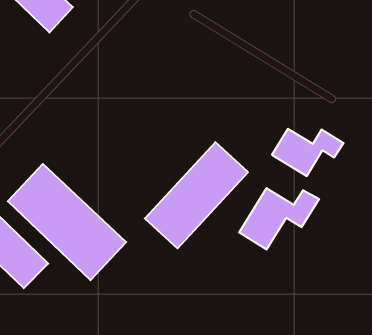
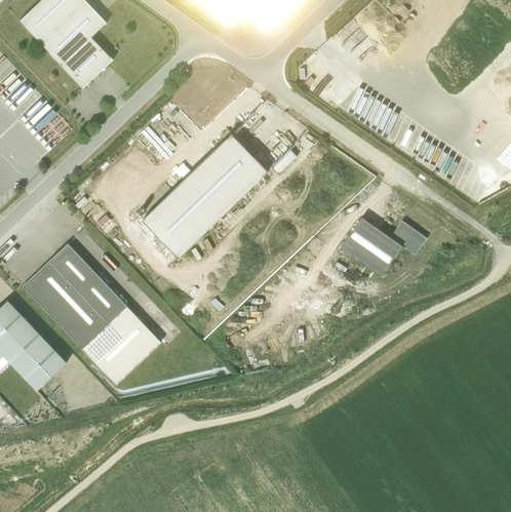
building: [145,142,248,248] -> [142,133,268,258]
building: [239,188,319,250] -> none

